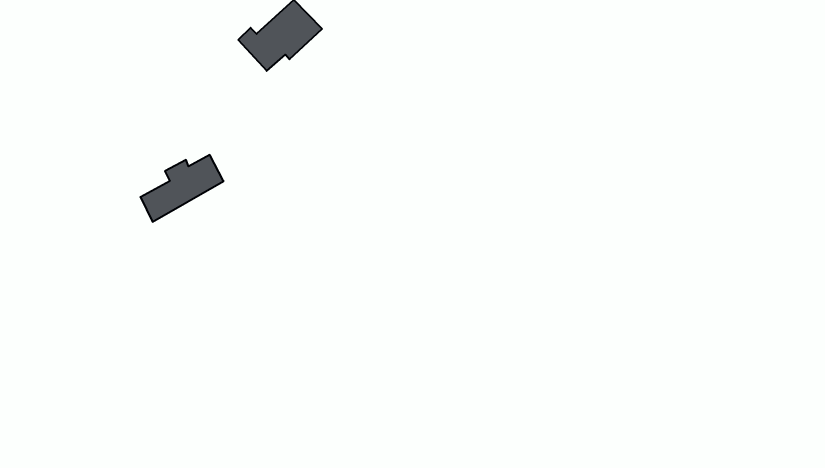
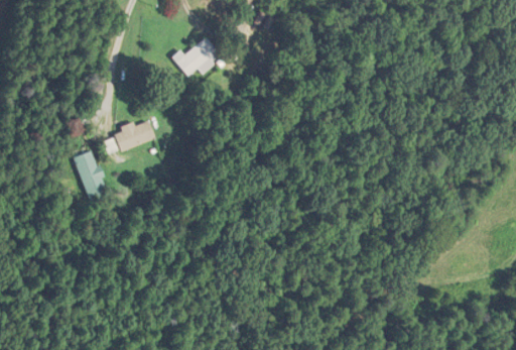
building: none -> [73,151,108,203]

